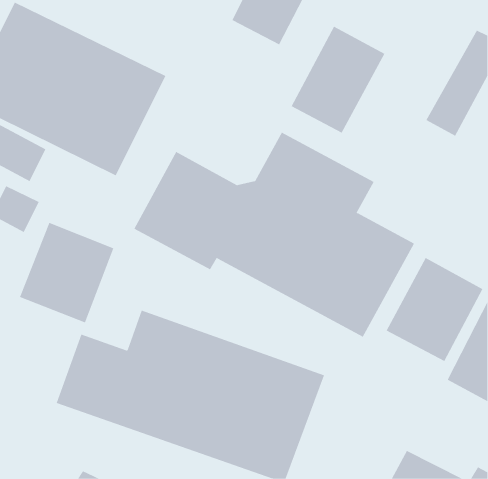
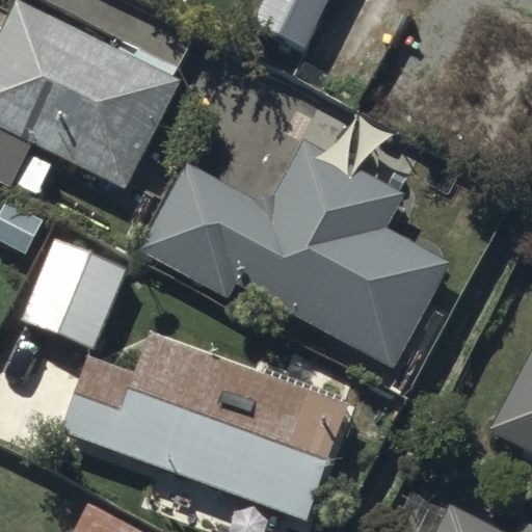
building: [291,26,385,133] -> none
building: [386,257,483,362] -> none

